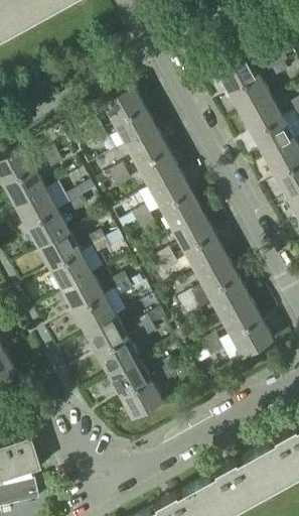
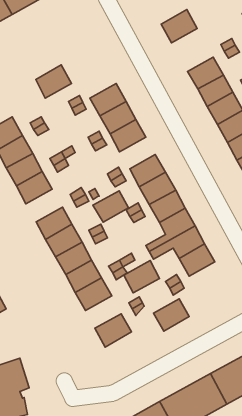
building: [218,56,261,96] -> [161,10,197,43]
building: [104,88,146,127] -> [36,65,72,98]
building: [150,173,192,211] -> [93,191,129,222]
building: [39,235,83,273] -> none
building: [233,320,275,359] -> [153,299,189,331]
building: [110,361,152,399] -> [124,261,159,293]

